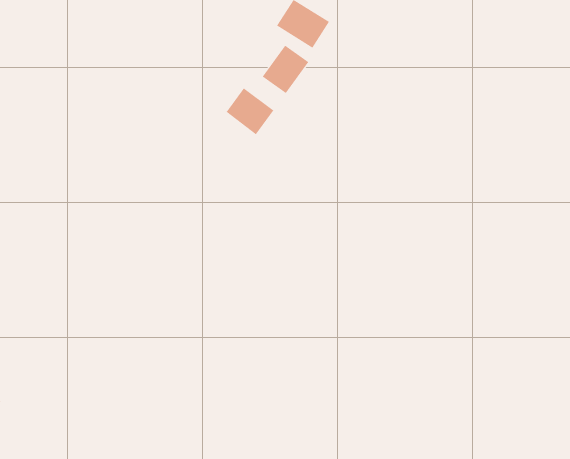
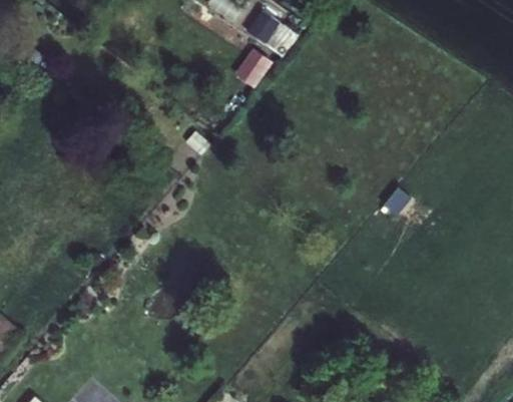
building: [226,87,274,135] -> none

